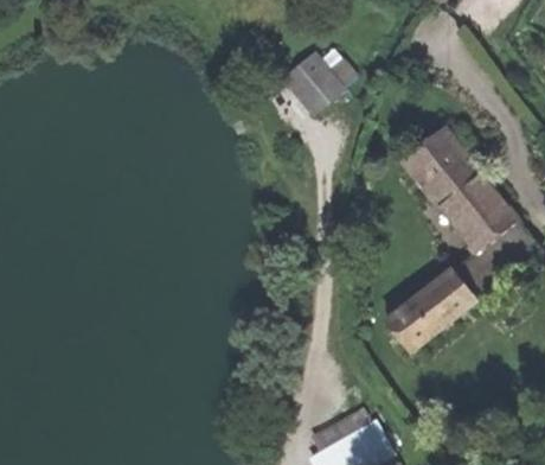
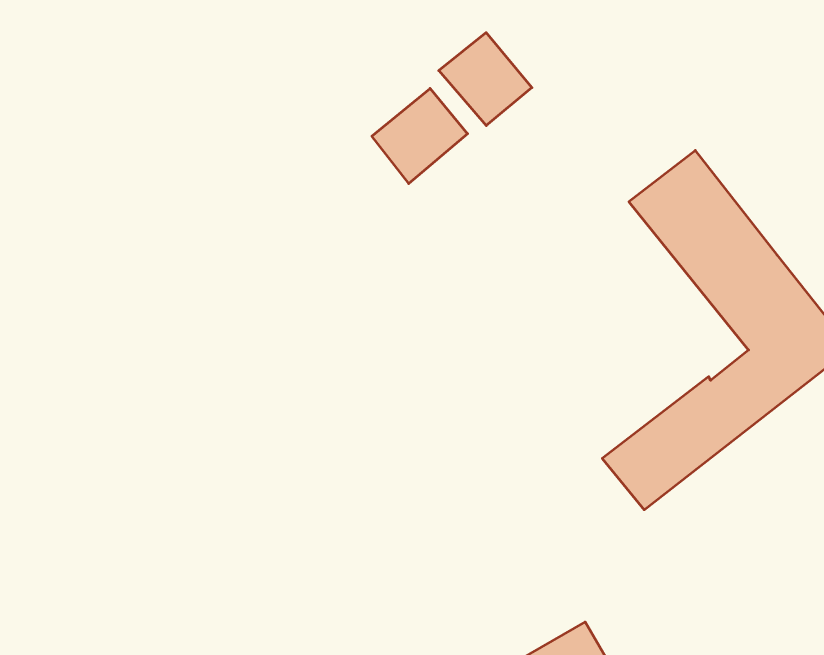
building: none -> [372,88,468,184]

